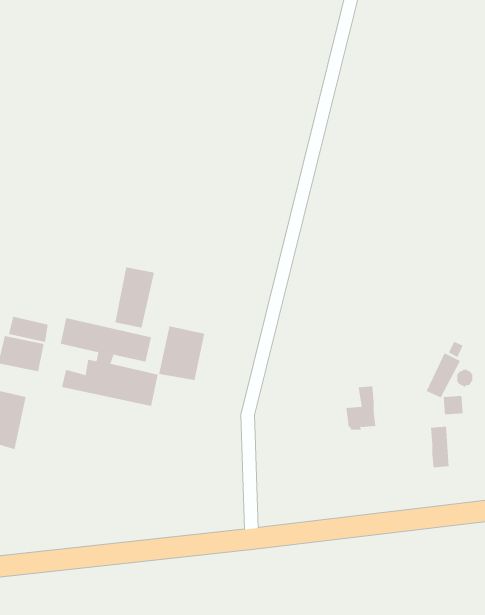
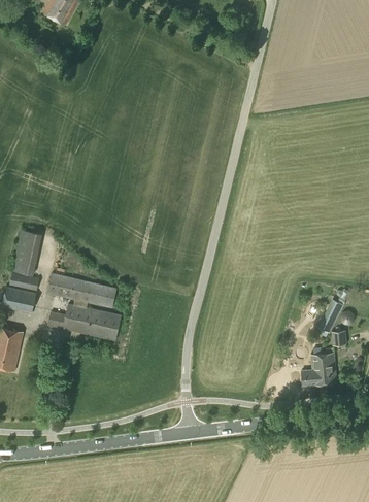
building: [114,267,155,328] -> [12,230,42,275]
building: [159,326,205,381] -> none
building: [345,386,376,430] -> [301,355,324,388]

